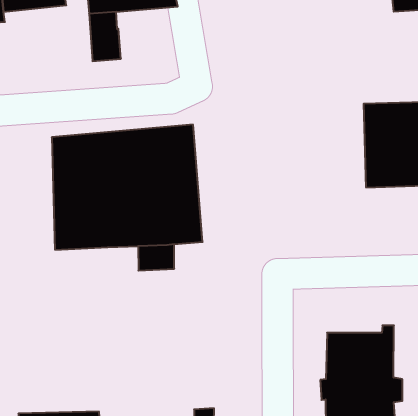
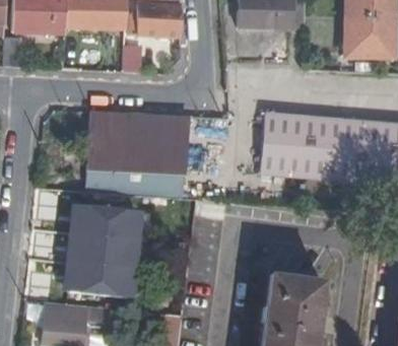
building: none -> [262,116,312,179]
building: none -> [60,207,134,300]

